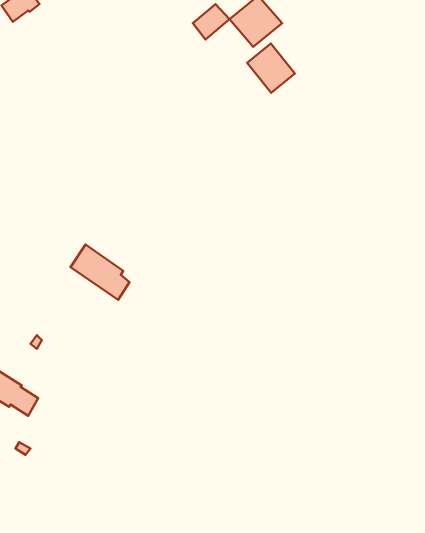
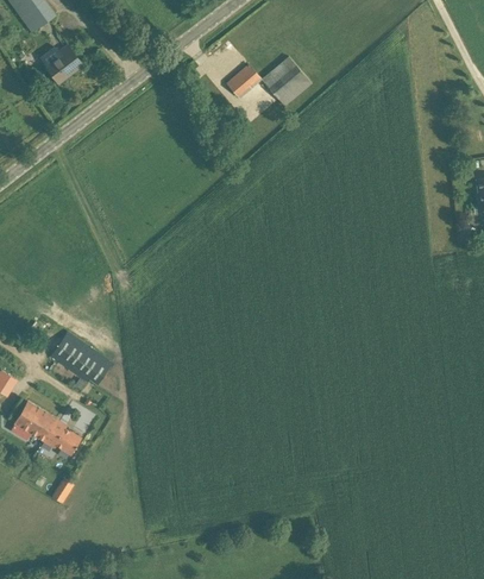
building: [247,43,295,93] -> none
building: [70,245,129,300] -> [51,333,107,385]

